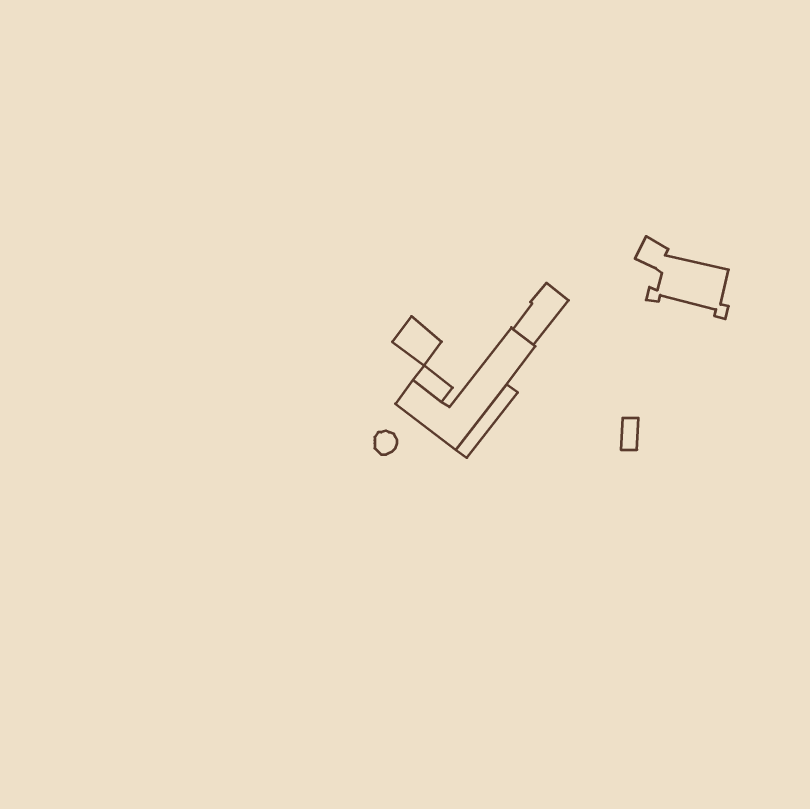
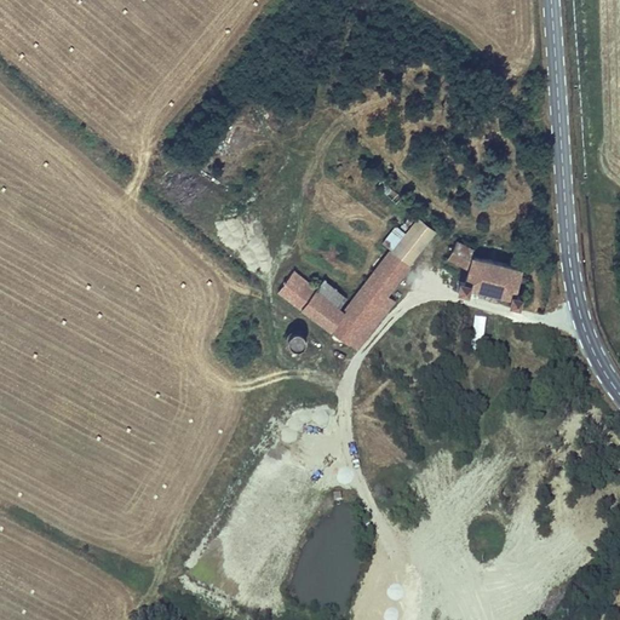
building: [635,236,729,319] -> [448,242,519,305]
building: [392,316,442,366] -> [279,272,316,310]

